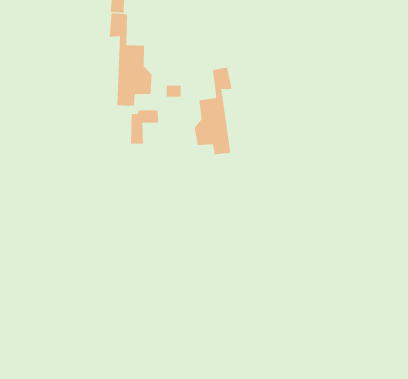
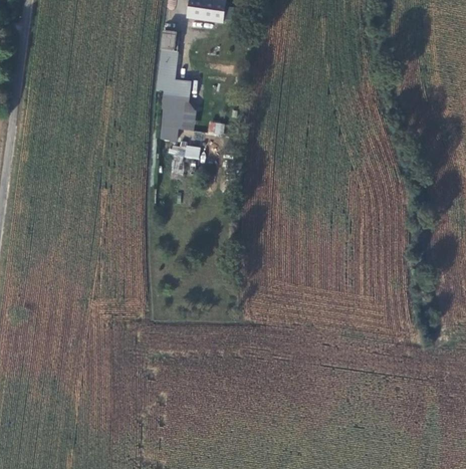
building: [194,67,232,155] -> none

